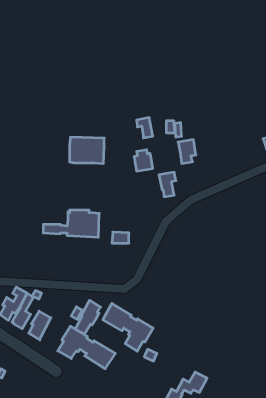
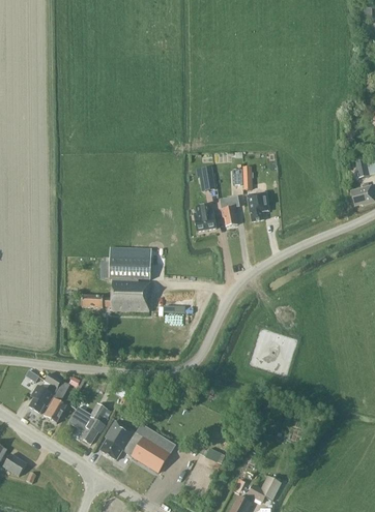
building: [70,137,104,164] -> [110,247,152,279]
building: [159,172,176,197] -> [220,195,240,225]
building: [75,300,101,334] -> [80,402,111,444]
building: [103,303,153,351] -> none

